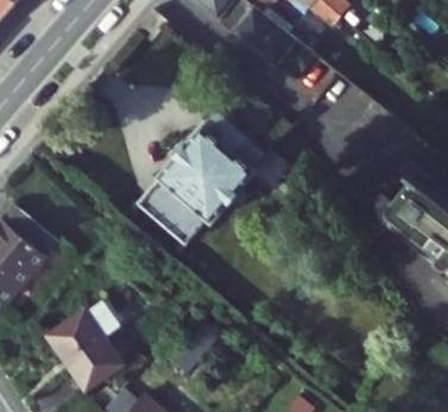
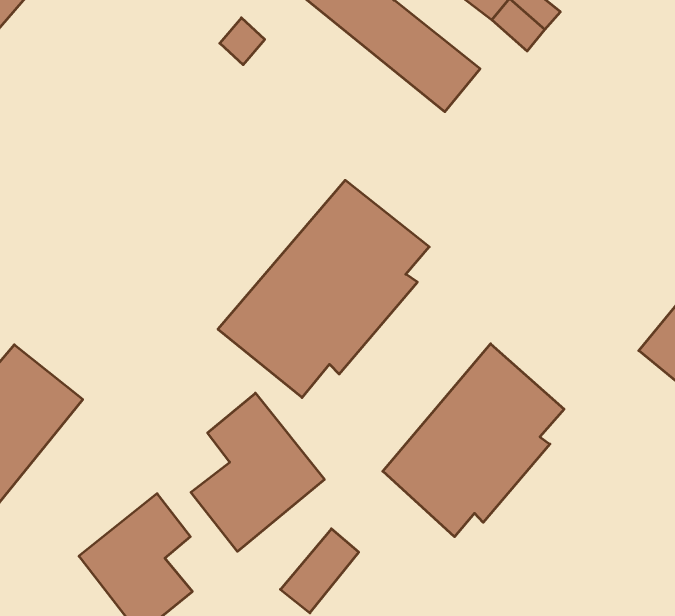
building: none -> [383,344,564,537]
building: none -> [191,393,324,551]

